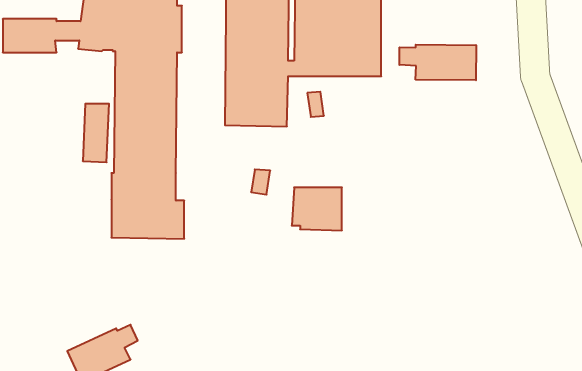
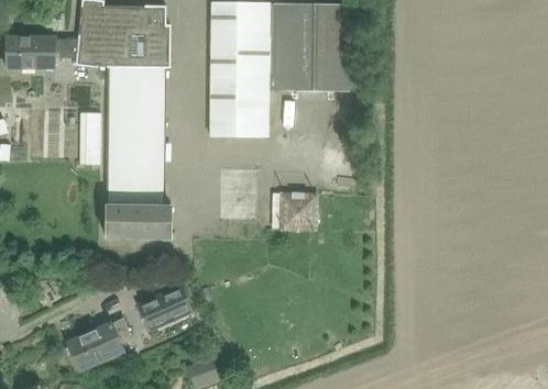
building: [399,45,476,80] -> none
building: none -> [135,286,190,331]

